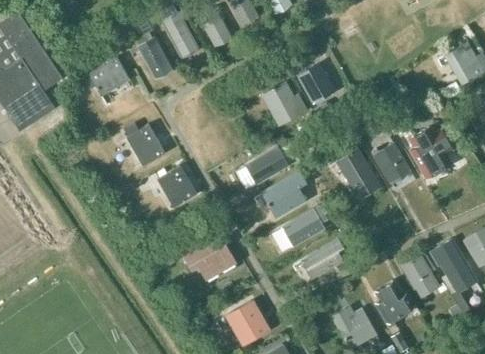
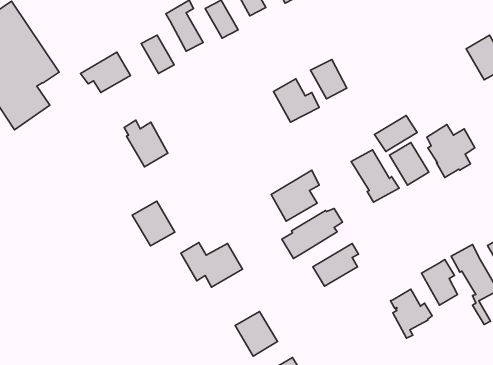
building: none -> [375,116,417,152]
building: [237,147,288,189] -> none
building: [157,166,197,208] -> [132,201,175,246]
building: [331,305,376,348] -> none

